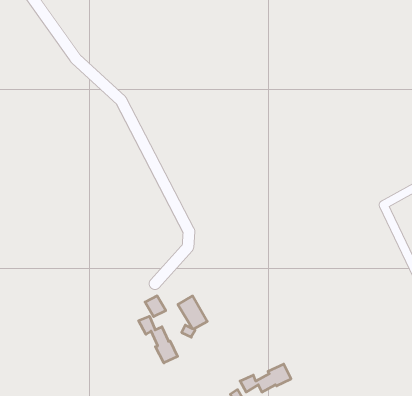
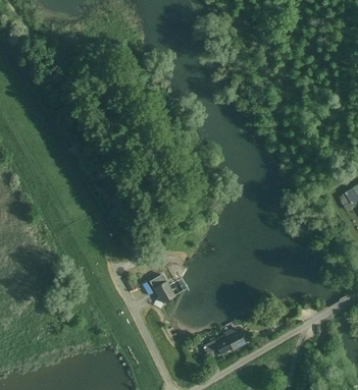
building: [139,316,178,363] -> none

